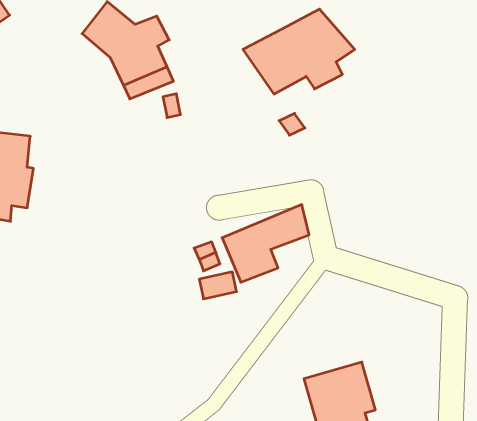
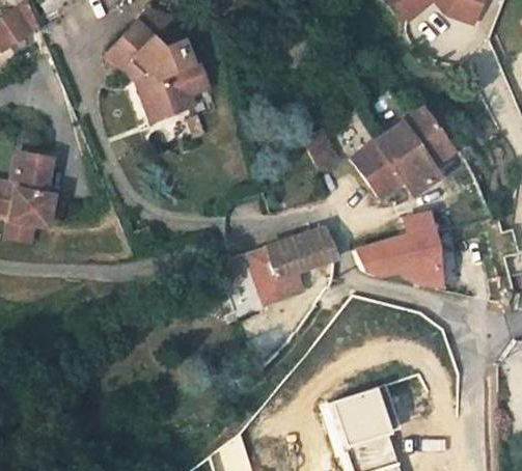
building: [243,9,355,94] -> [346,112,458,197]
building: none -> [357,215,448,282]

